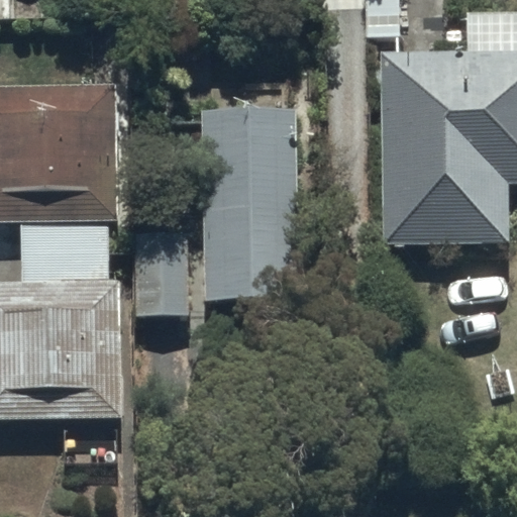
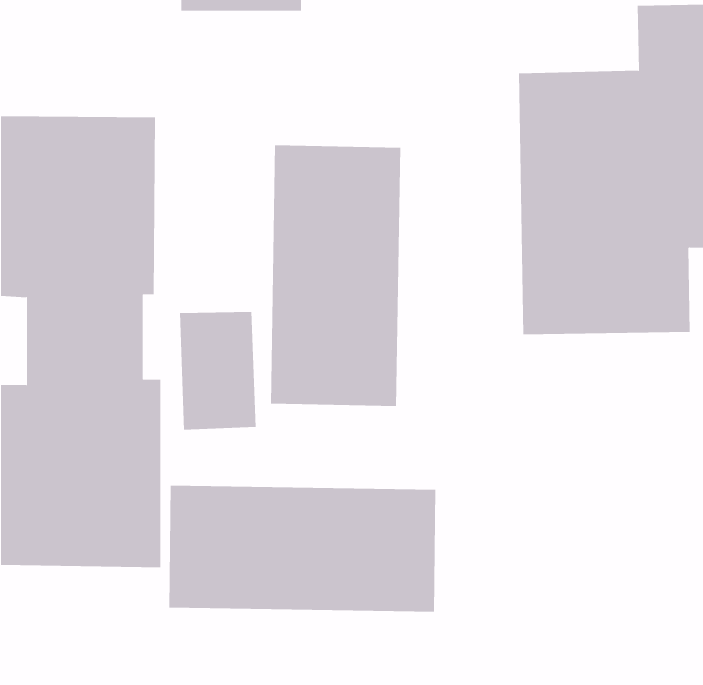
building: none -> [169,485,436,612]

